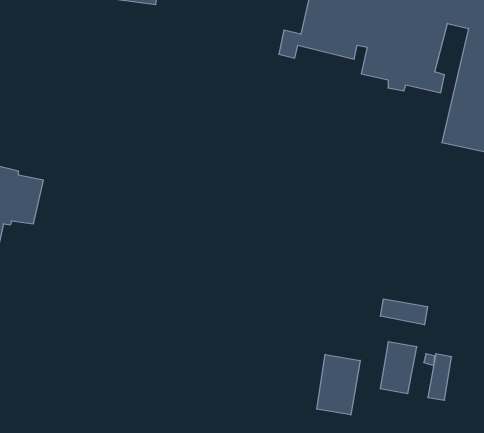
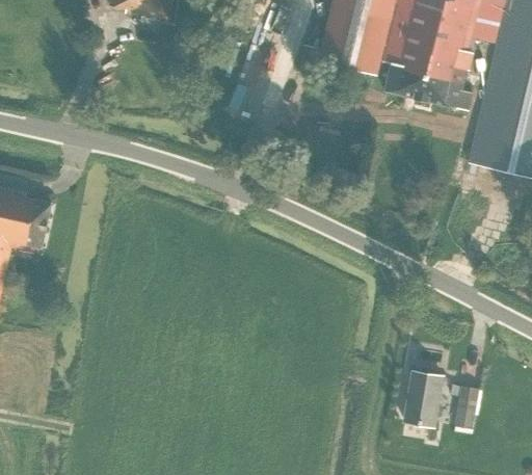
building: [380,299,428,325] -> none
building: [317,354,360,415] -> none

